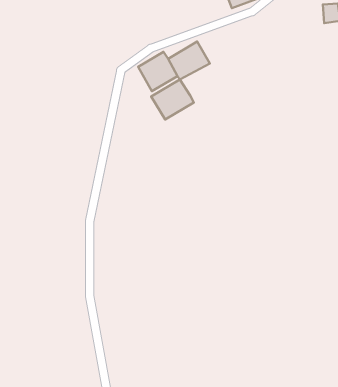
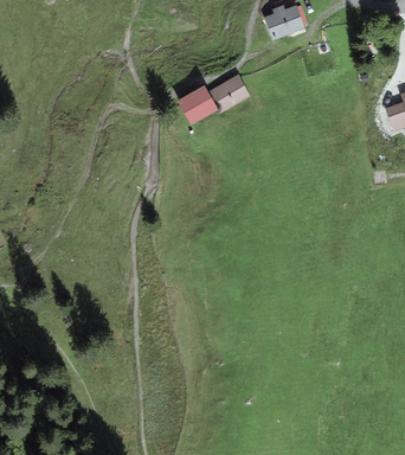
building: [151,80,194,119] -> none

